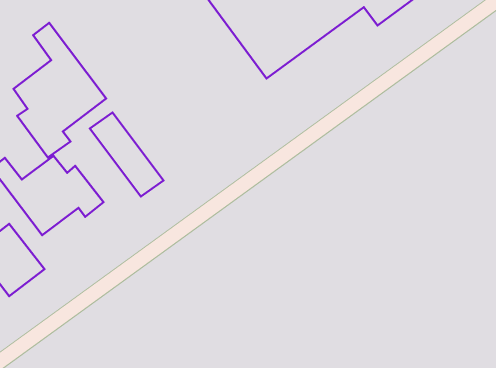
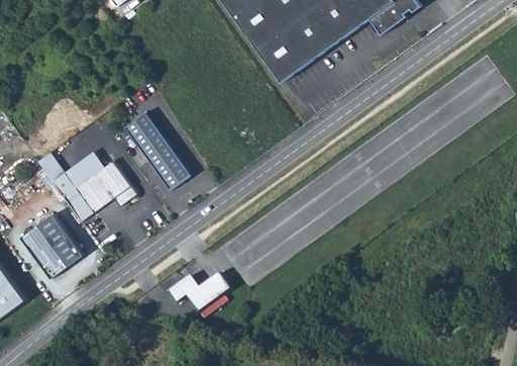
building: [13,23,106,158] -> none
building: none -> [168,272,231,311]

